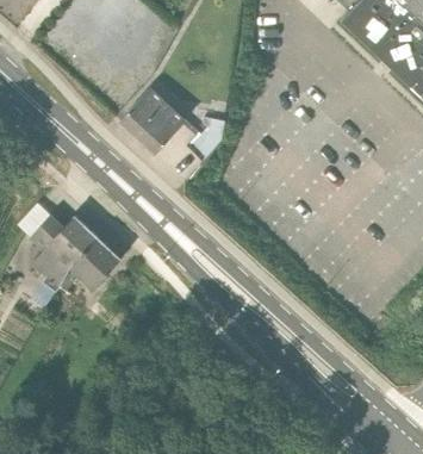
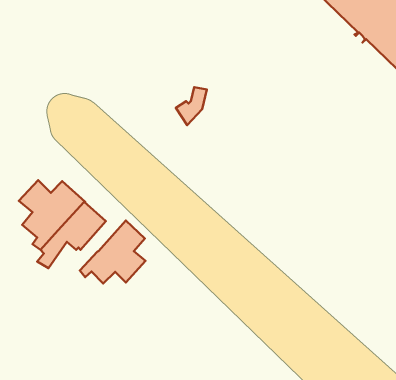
building: [120,88,185,153] -> none
building: none -> [80,221,145,283]

